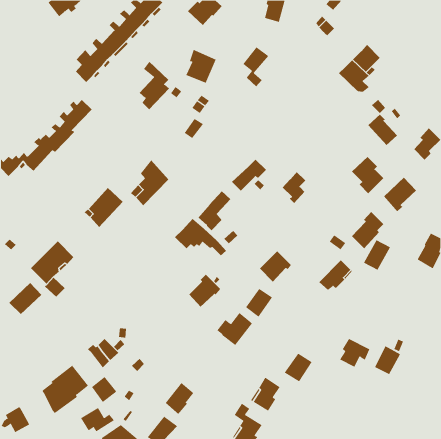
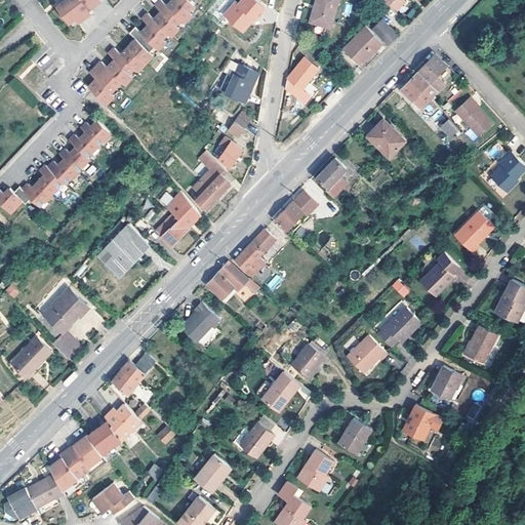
building: none -> [345,27,382,66]
building: [139,61,170,110] -> [193,151,230,209]
building: none -> [367,119,405,158]
building: [368,114,398,146] -> [457,98,493,136]
building: [351,156,384,194] -> none
building: [282,171,306,204] -> [317,158,346,197]
building: [363,239,391,271] -> [462,327,495,364]
building: [259,251,292,282] -> [347,338,386,376]
building: [188,274,221,307] -> [180,301,219,341]
building: none -> [112,352,155,394]
building: [374,346,401,375] -> [430,365,461,400]
building: none -> [240,416,274,459]
building: [91,376,117,403] -> [90,420,121,452]
building: none -> [25,472,63,506]

